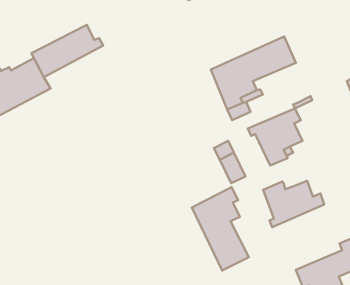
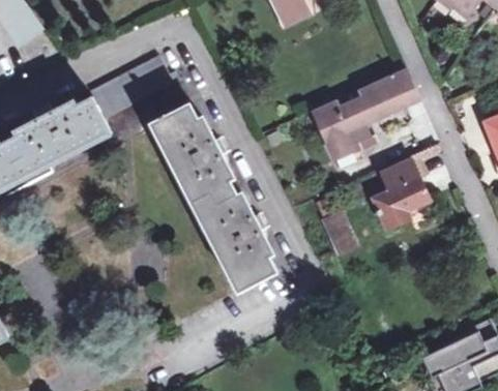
building: none -> [152,106,276,291]
building: [263,181,324,227] -> none
building: [192,187,249,270] -> none

